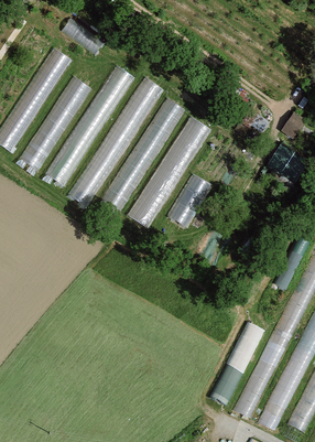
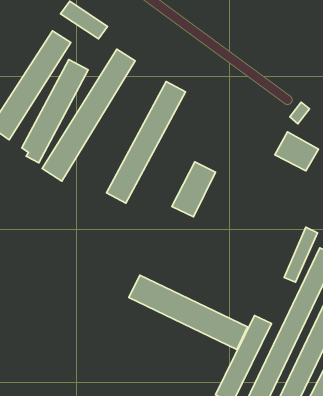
building: [70,76,160,207] -> none
building: [129,115,208,228] -> none
building: none -> [129,275,248,349]

